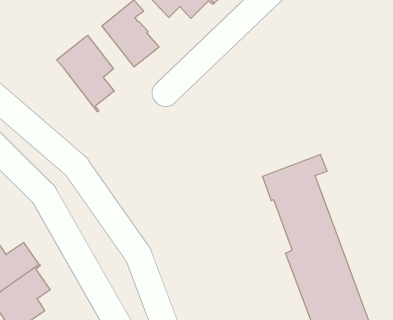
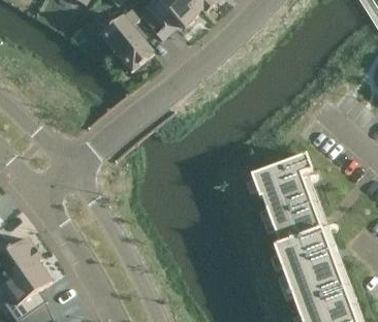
building: [57,35,114,112] -> none

